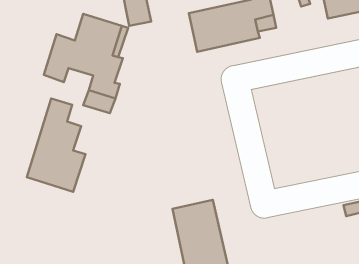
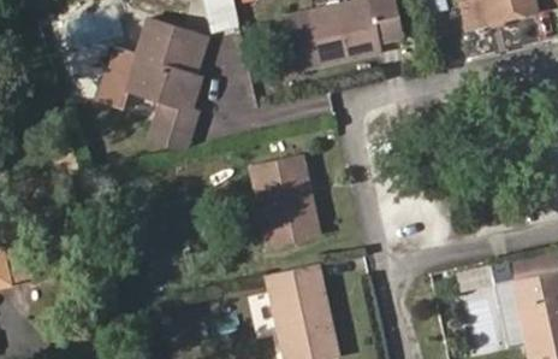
building: [27,99,86,192] -> none
building: none -> [250,155,320,248]

